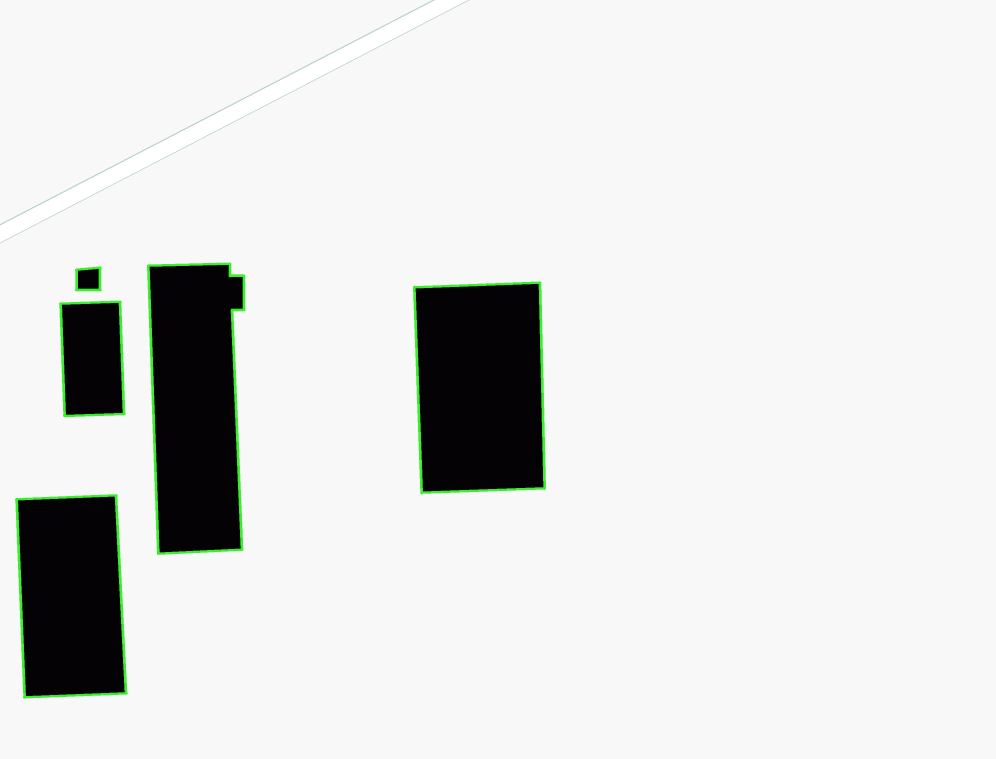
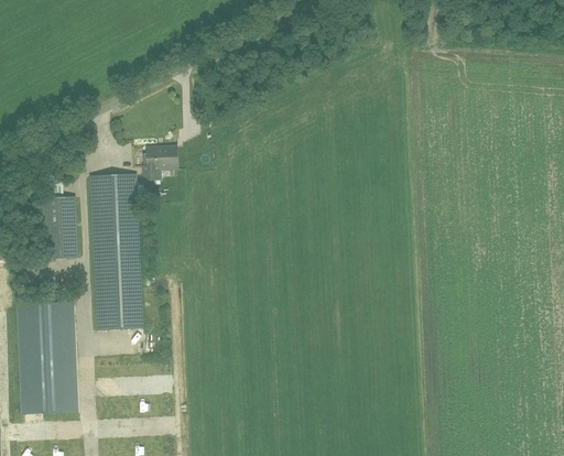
building: none -> [141,143,177,178]
building: [415,283,544,493] -> none

